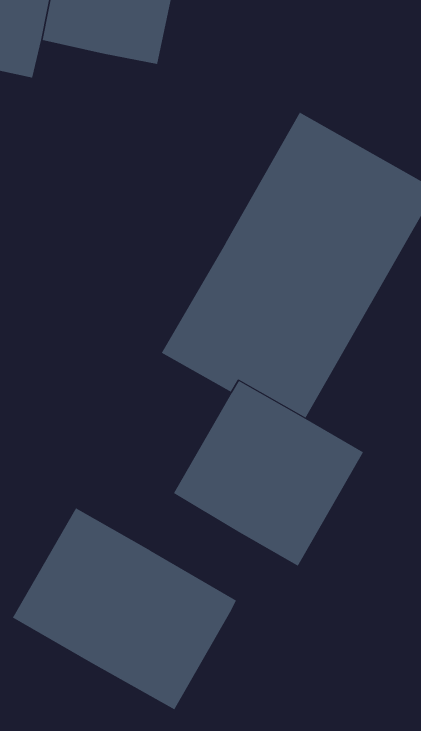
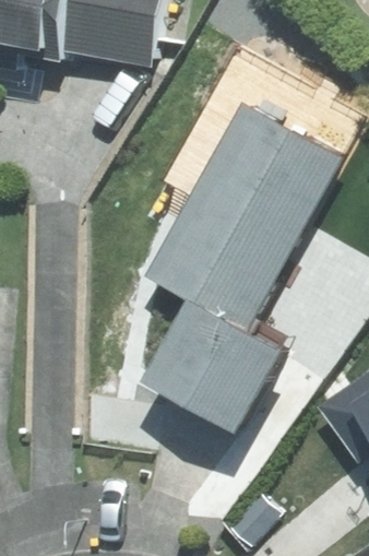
building: [12,507,237,710] -> none

